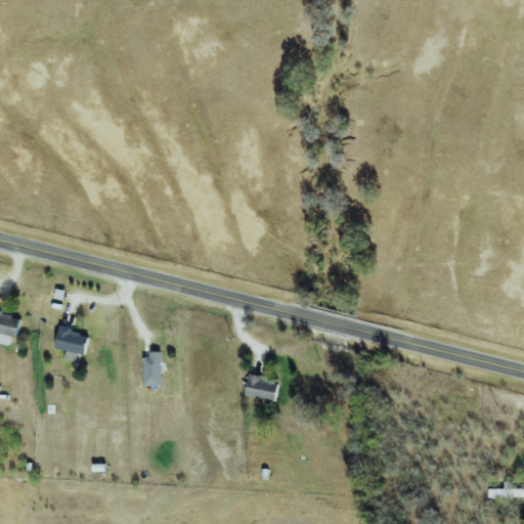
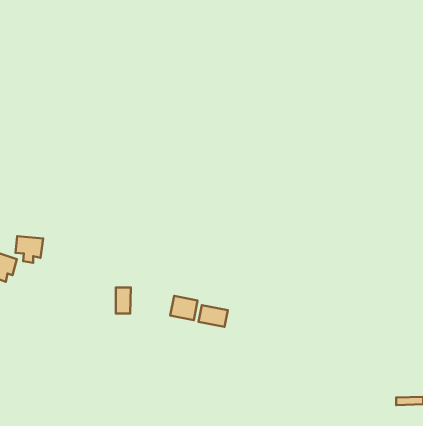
building: [54,329,88,361] -> [15,236,43,263]
building: none -> [170,296,198,320]

